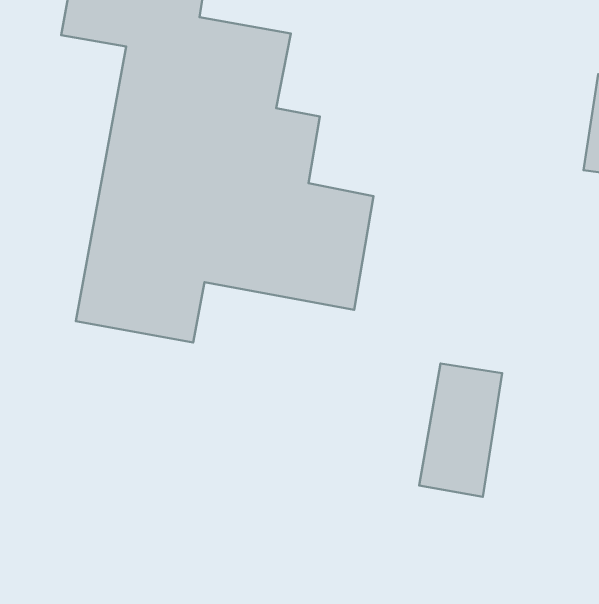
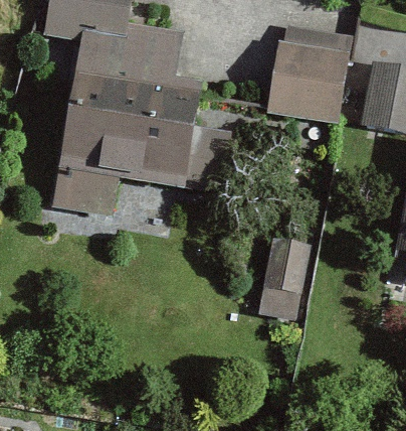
building: none -> [265,24,355,123]

